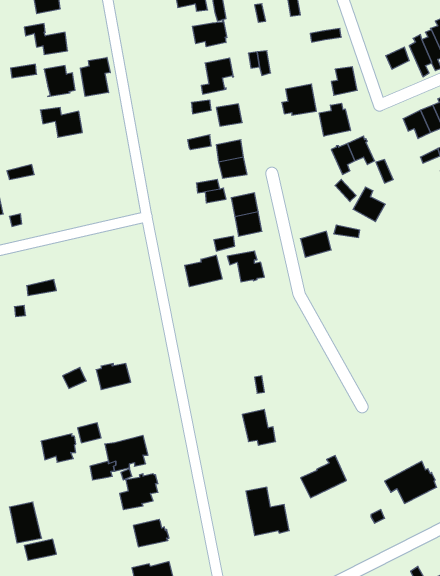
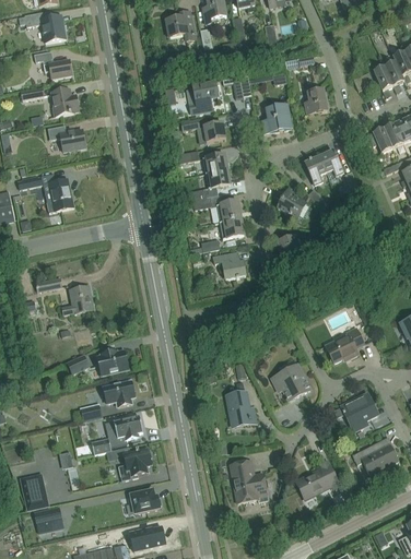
building: [192,19,227,47] -> none
building: [80,57,110,96] -> none
building: [319,103,350,136] -> none
building: none -> [45,178,74,211]
building: [353,187,385,222] -> [278,187,306,217]
building: [185,255,222,287] -> none
building: none -> [62,285,94,313]
building: none -> [326,326,364,361]
building: none -> [272,357,309,400]
building: none -> [342,393,377,430]
building: [41,434,76,462] -> [104,380,134,405]
building: [301,456,346,498] -> [297,460,338,497]

